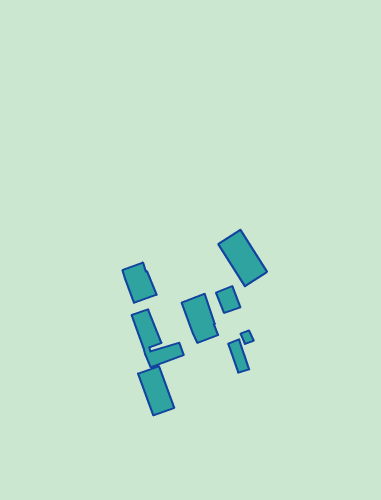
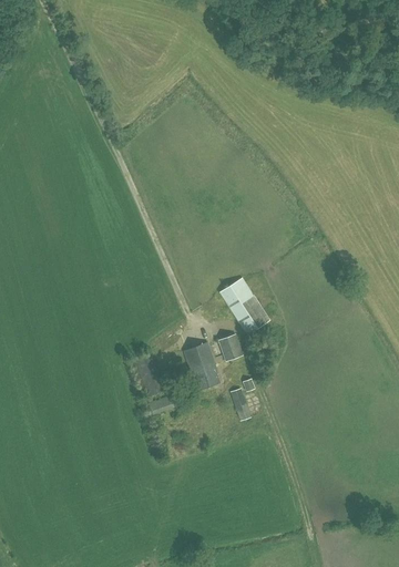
building: [123,262,157,303] -> none
building: [138,366,174,415] -> none

